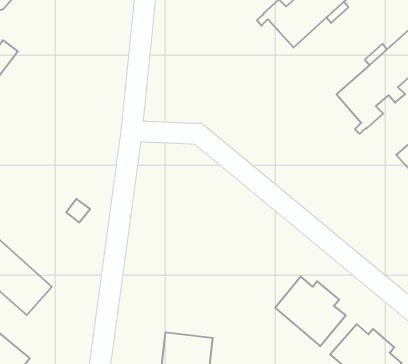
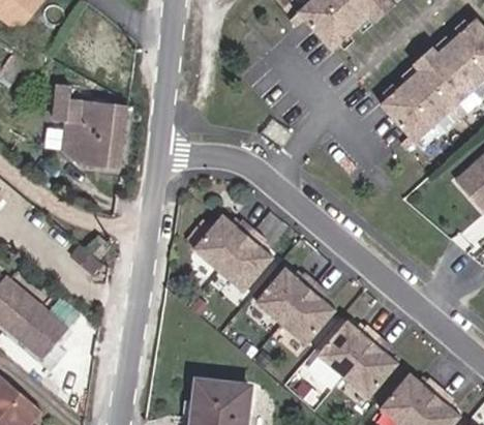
building: none -> [51,82,125,171]
building: none -> [191,212,272,290]
building: none -> [254,265,335,343]

